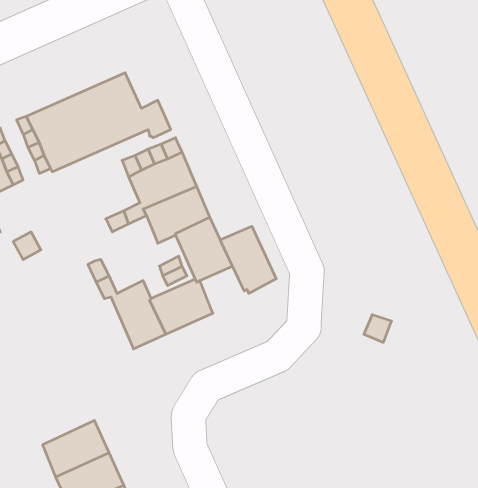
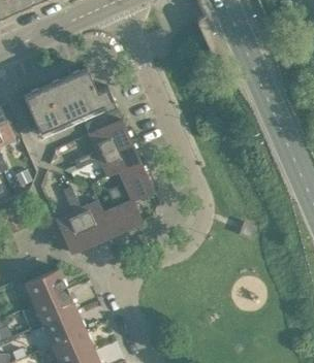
building: [221,226,276,293] -> none
building: none -> [56,211,92,254]
building: none -> [25,269,67,305]

